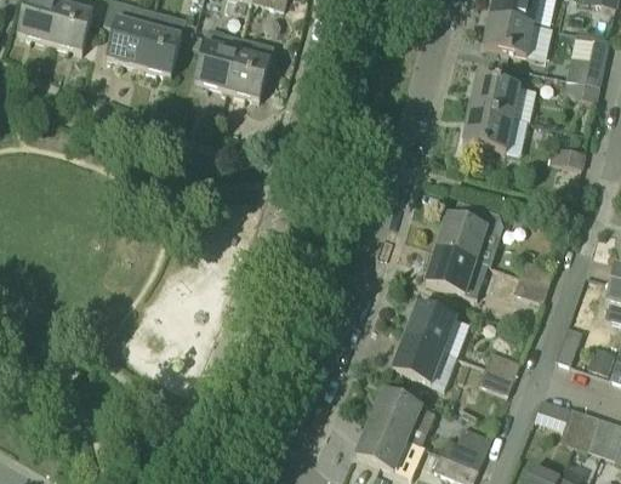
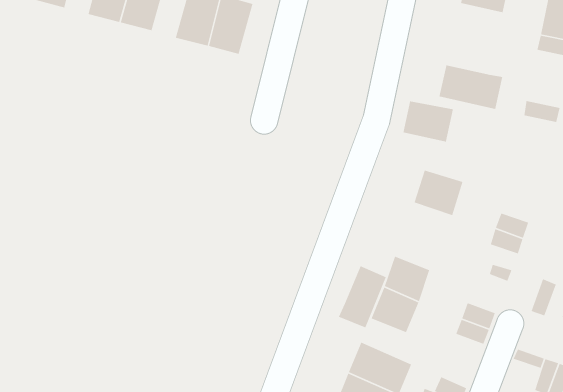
building: [469,76,522,119] -> [402,101,454,142]
building: [426,250,477,295] -> none
building: none -> [338,265,387,329]

